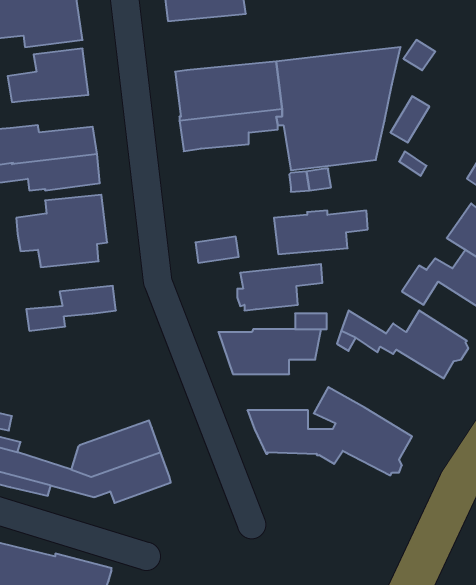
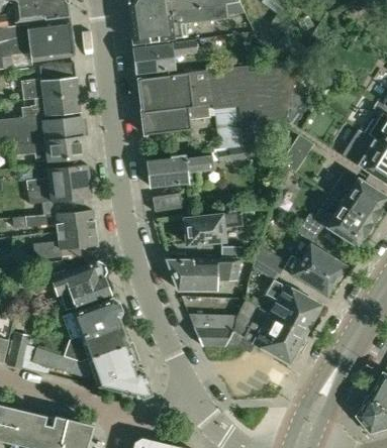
building: none -> [132,40,196,73]
building: none -> [21,94,80,117]
building: [274,211,368,254] -> [147,155,212,186]
building: none -> [24,209,94,231]
building: none -> [52,259,108,310]
building: none -> [265,278,318,332]
building: none -> [63,298,120,338]
building: none -> [95,364,152,398]

